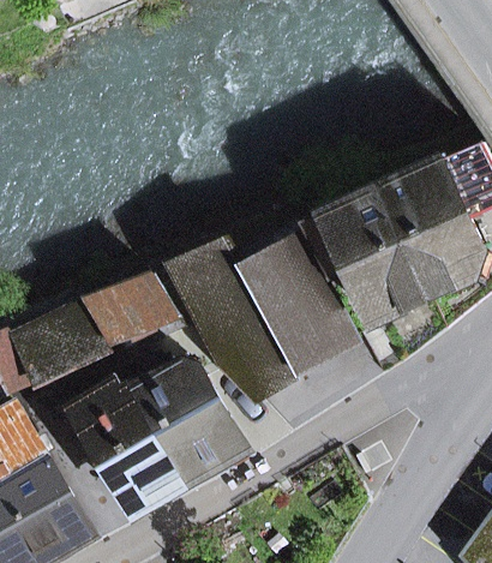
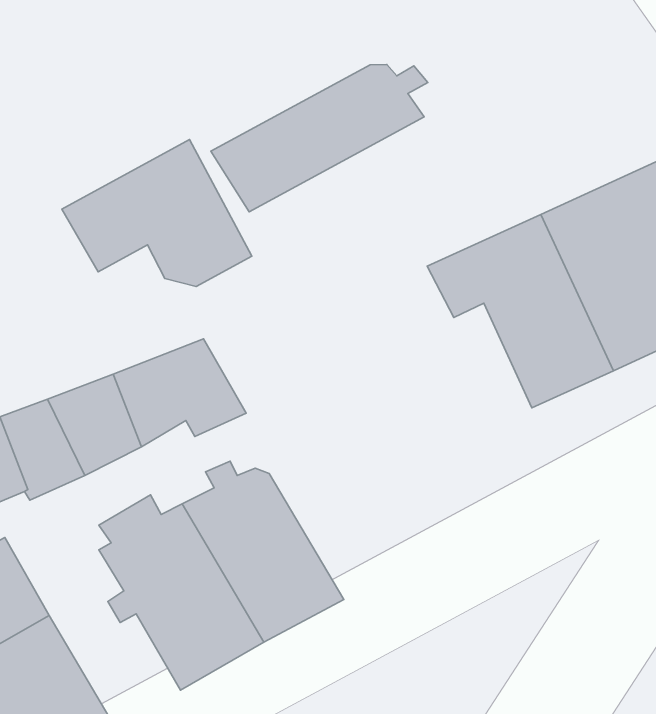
building: none -> [211,64,428,212]
building: none -> [62,140,252,286]
building: [175,234,358,394] -> none

